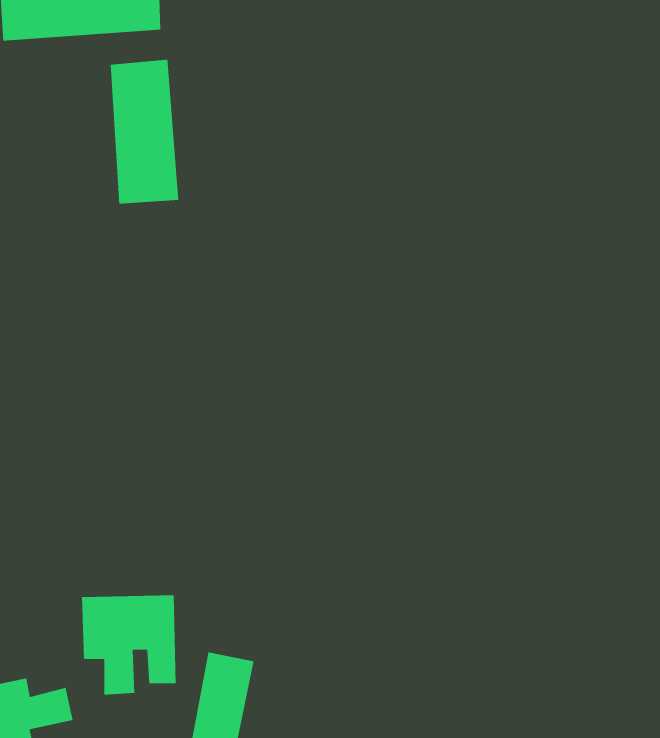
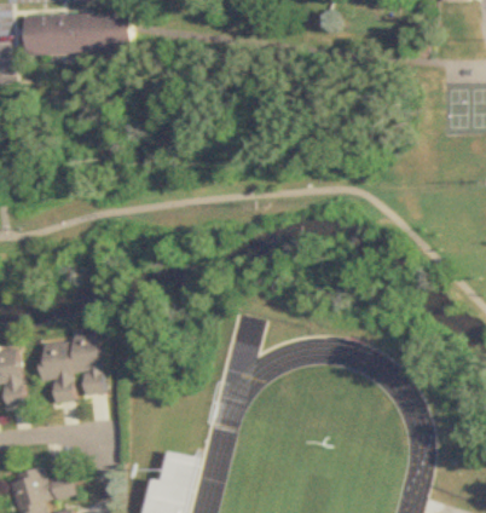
building: [110,59,179,205] -> none
building: [81,595,176,695] -> [40,338,102,403]

